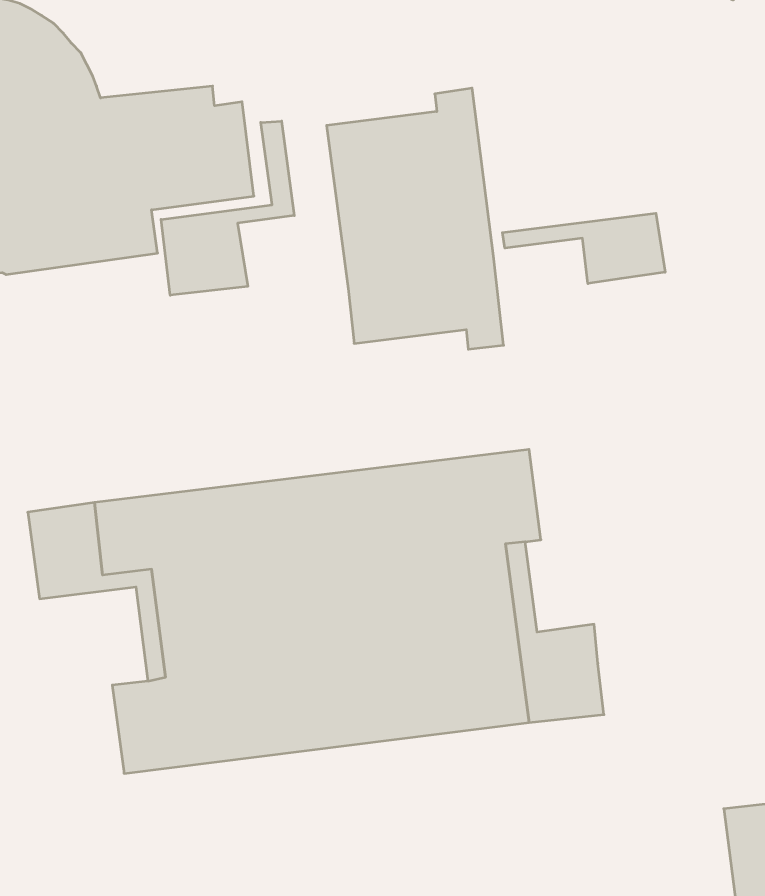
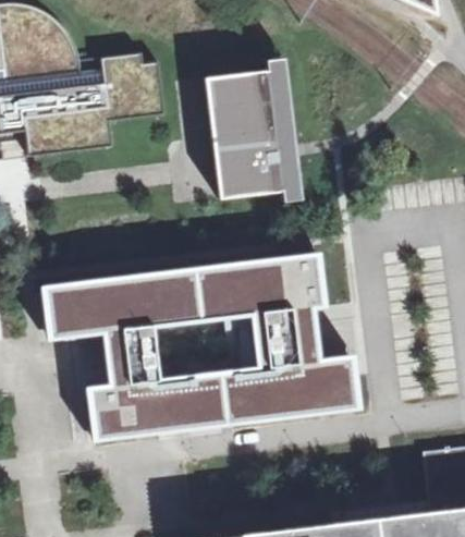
building: [161,121,294,295] -> none
building: [502,213,665,284] -> none

